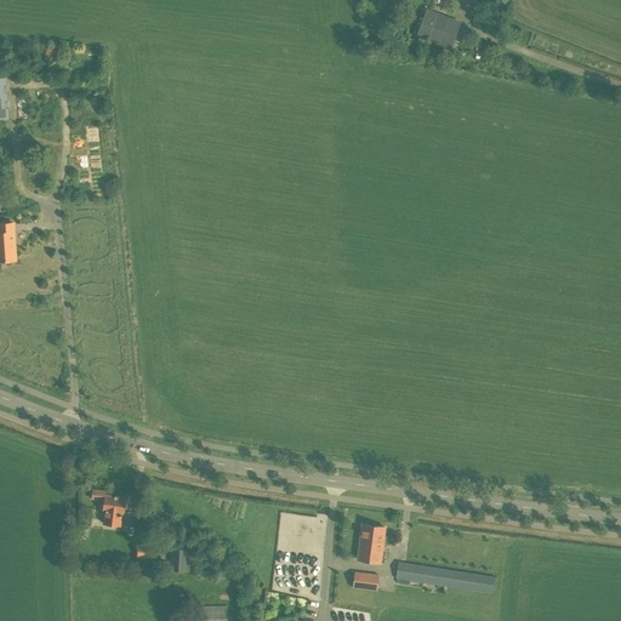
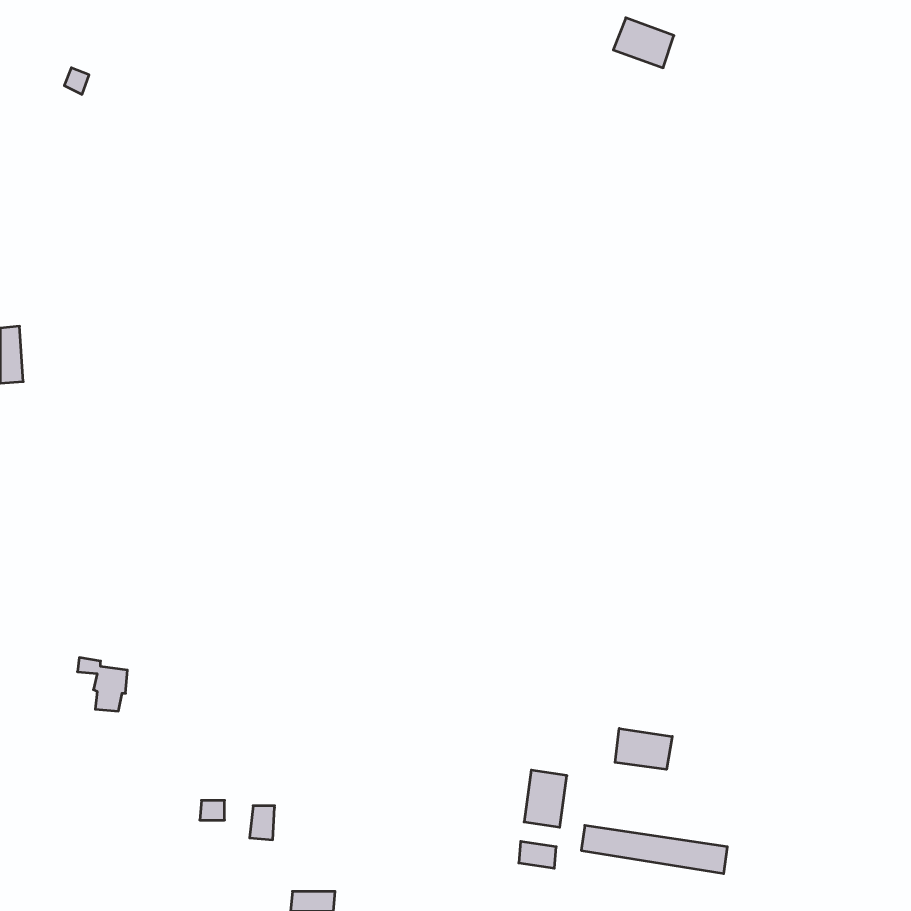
building: [91,489,125,525] -> [77,658,127,711]
building: none -> [615,728,672,769]

